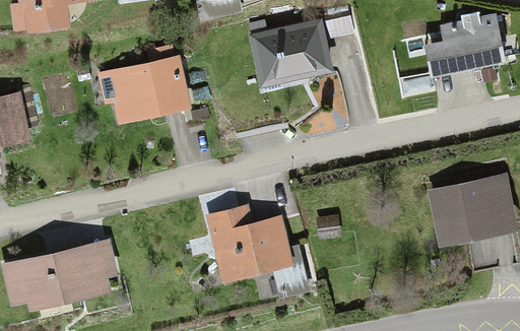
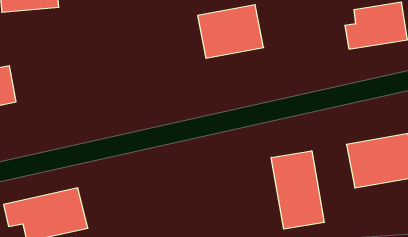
building: [99,60,185,121] -> none
building: [205,197,294,276] -> none
building: none -> [271,151,324,229]

